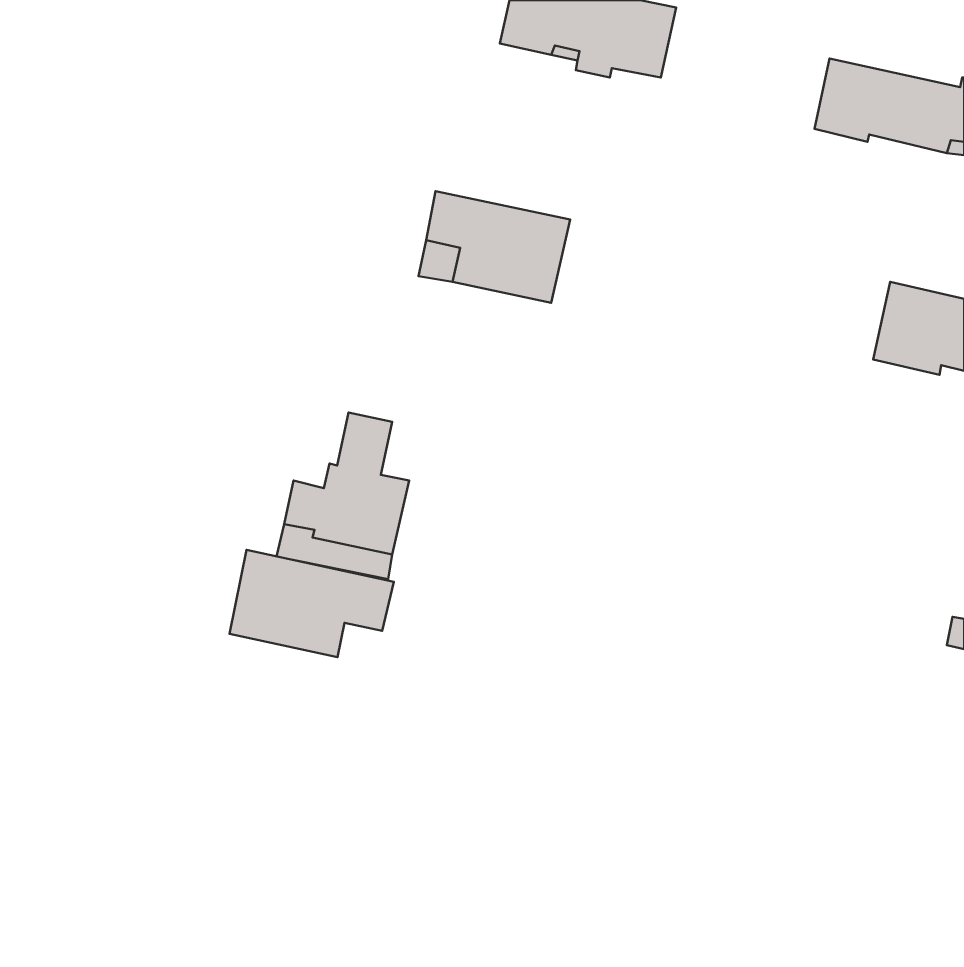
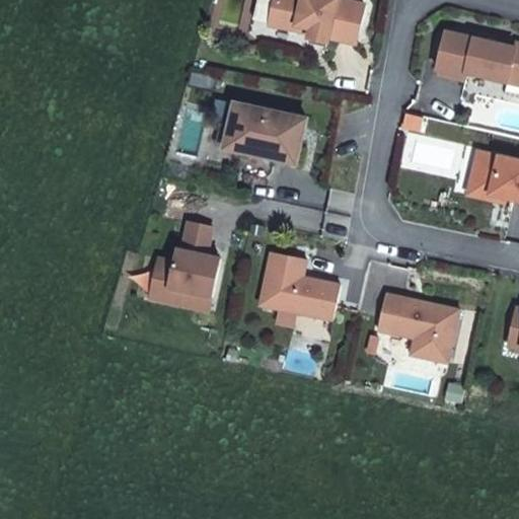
building: none -> [261,253,340,319]
building: none -> [378,294,459,363]
building: [230,550,394,657] -> none

